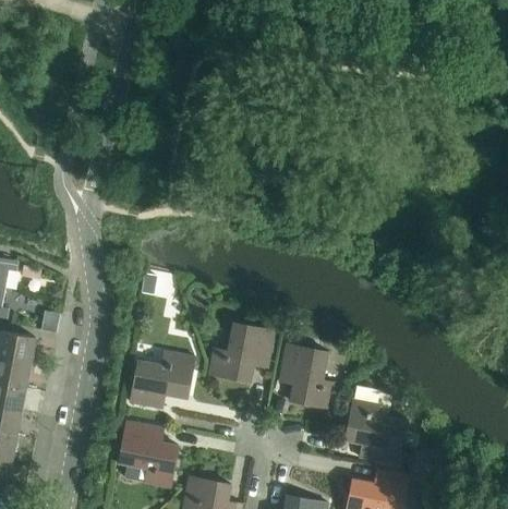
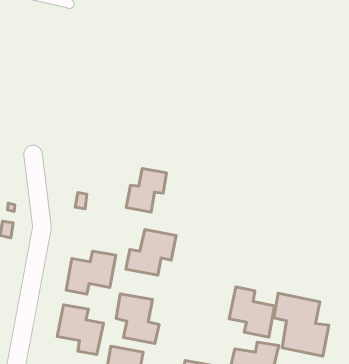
building: none -> [126,169,166,212]
building: [280,343,337,409] -> [116,294,159,343]
building: none -> [274,293,329,356]

